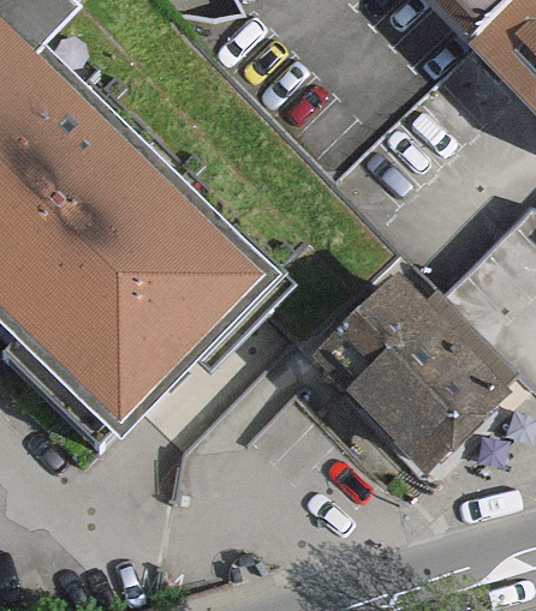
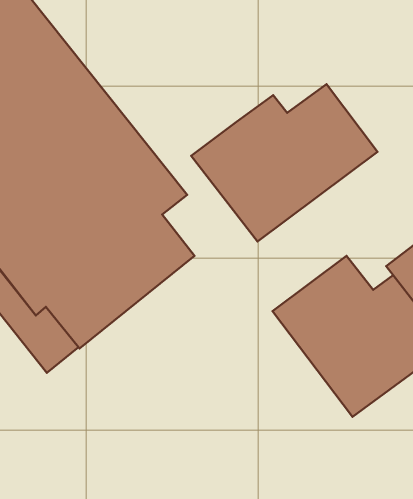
building: none -> [191,84,378,242]

